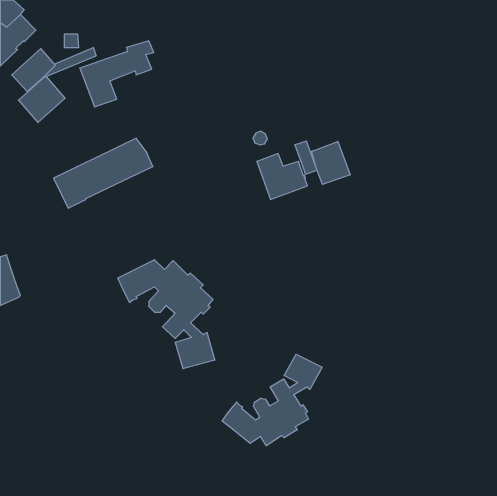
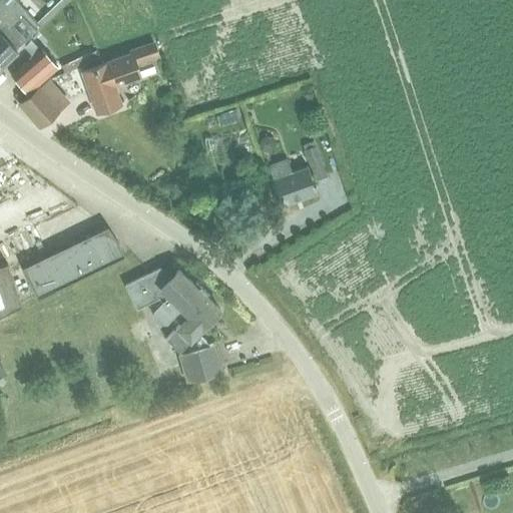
building: [54,138,153,208] -> [22,226,124,299]
building: [311,141,350,184] -> none
building: [222,354,322,446] -> none

